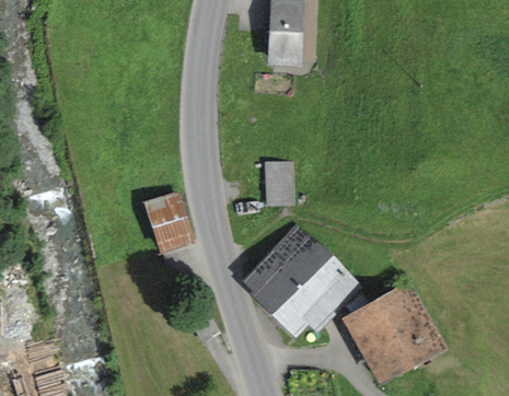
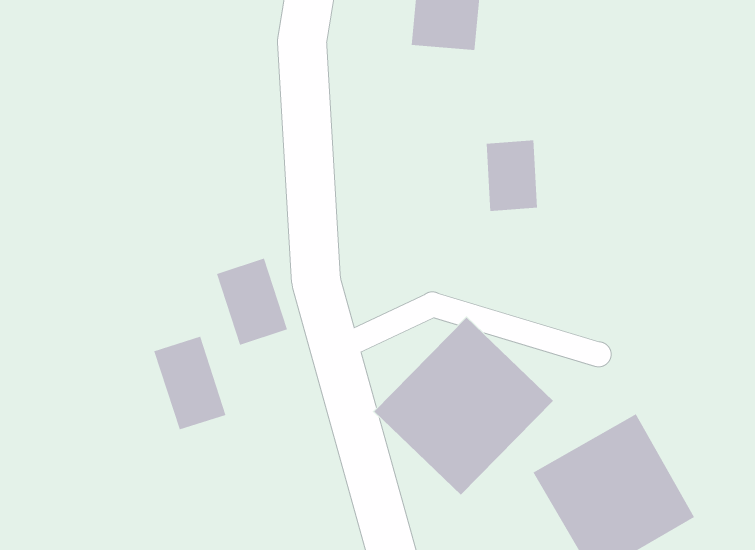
building: [263,161,294,205] -> [486,140,538,211]
building: none -> [154,336,226,430]

